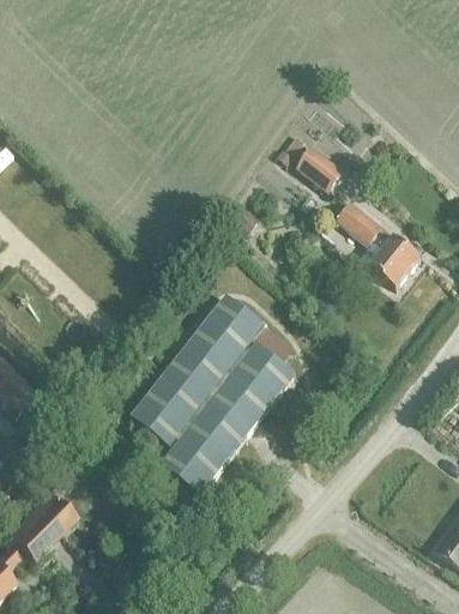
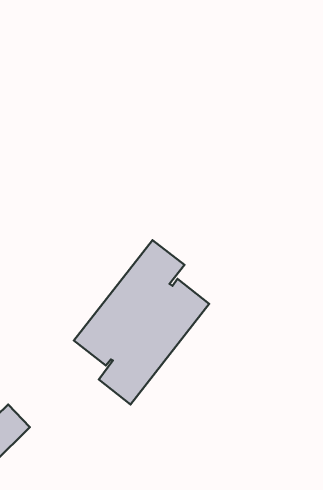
building: [300,148,345,189] -> none
building: [338,200,422,287] -> none

